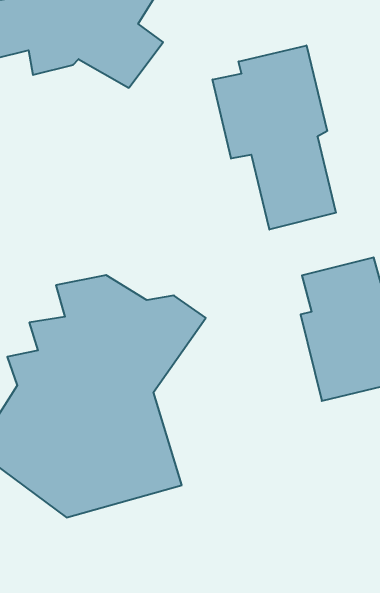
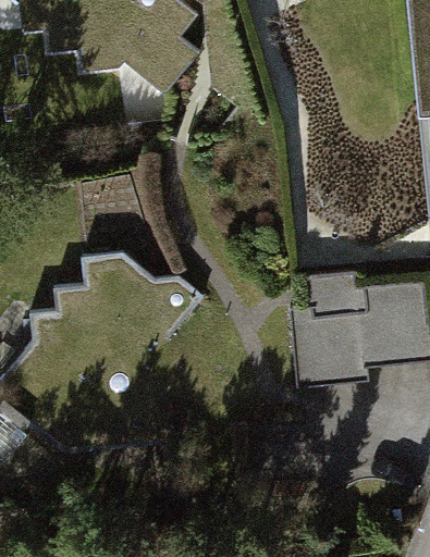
building: [213,45,336,230] -> none

